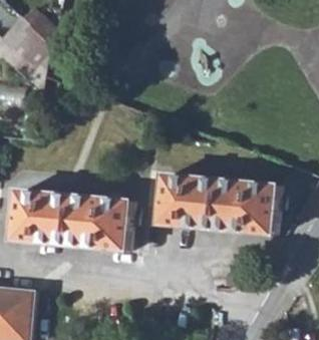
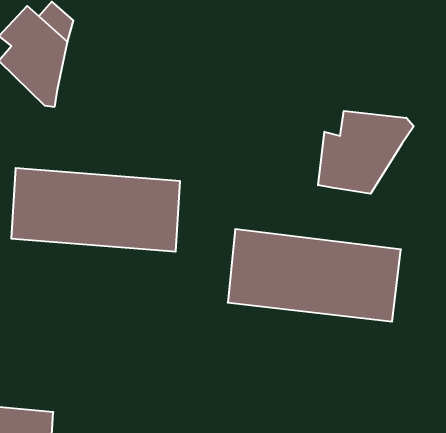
building: none -> [318,111,414,194]
building: [12,189,129,247] -> [11,168,180,252]

